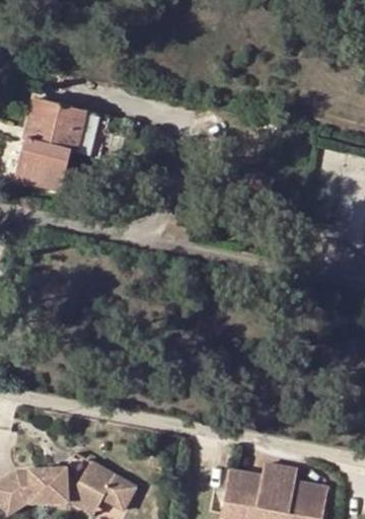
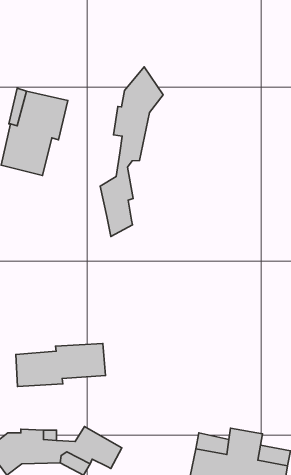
building: none -> [100,67,163,236]
building: none -> [16,343,105,387]

